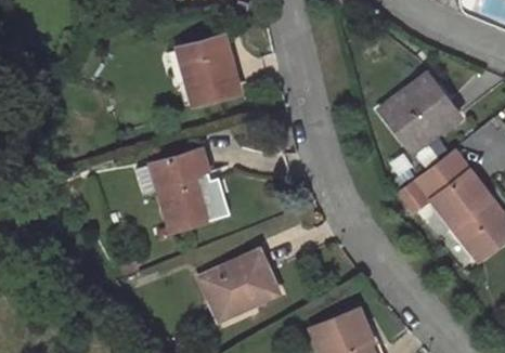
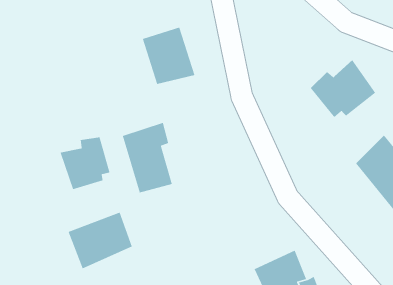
building: [412,148,465,201] -> none
building: none -> [59,136,110,190]
building: [212,240,290,310] -> [68,212,133,270]

